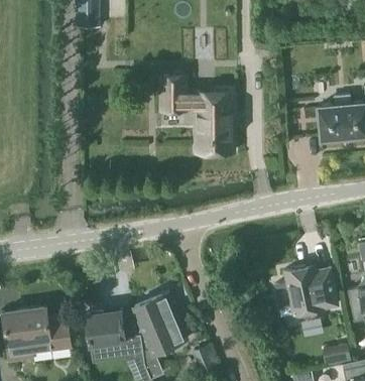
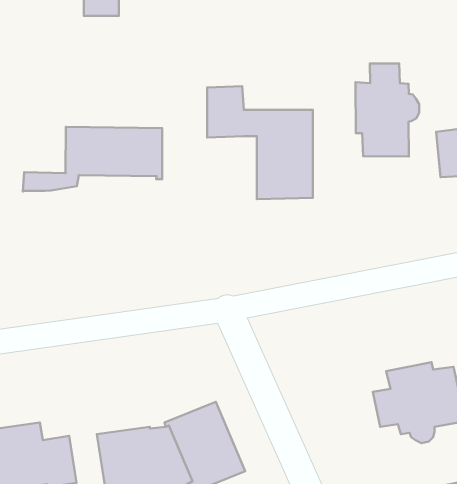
building: none -> [355,63,419,156]
building: none -> [23,127,162,191]

